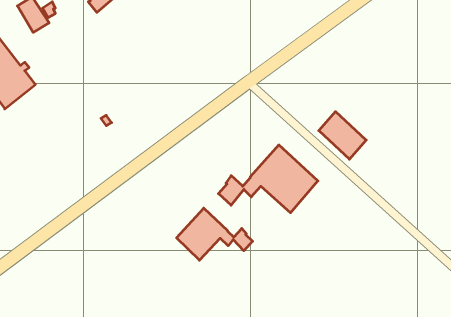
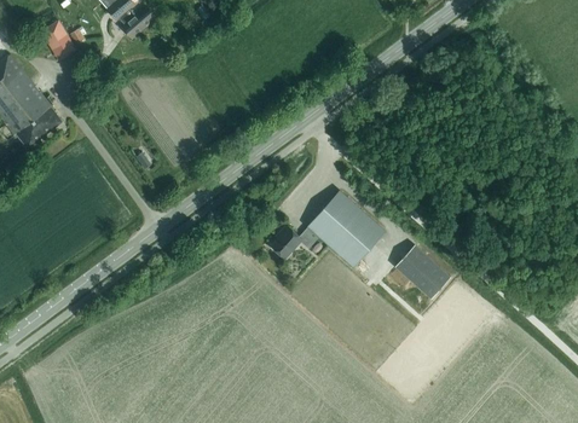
building: [319,112,366,159] -> [395,244,450,299]
building: [177,208,253,260] -> none

